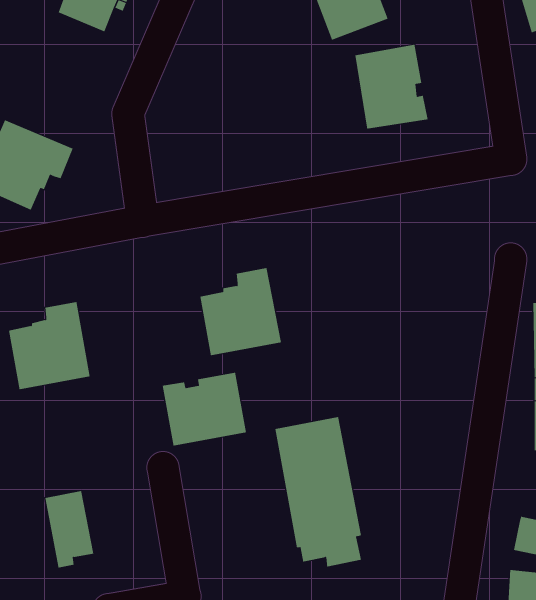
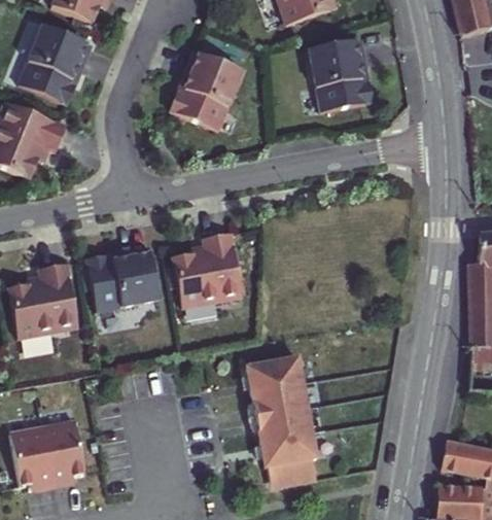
building: none -> [23,28,96,107]
building: none -> [172,57,245,136]
building: [162,372,247,446] -> [92,243,164,306]
building: none -> [11,425,56,488]

